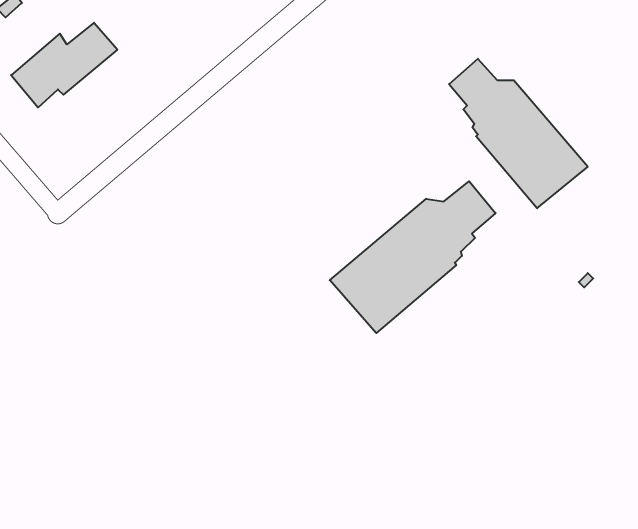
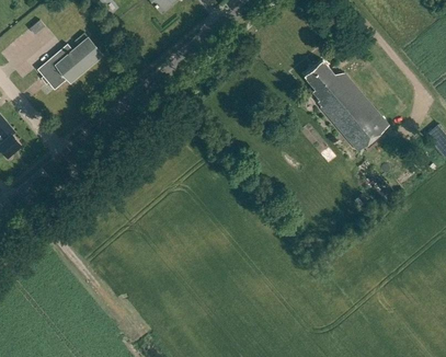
building: [330,181,496,333] -> none

